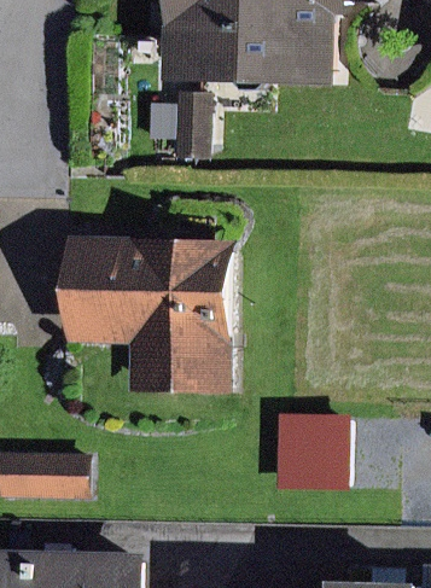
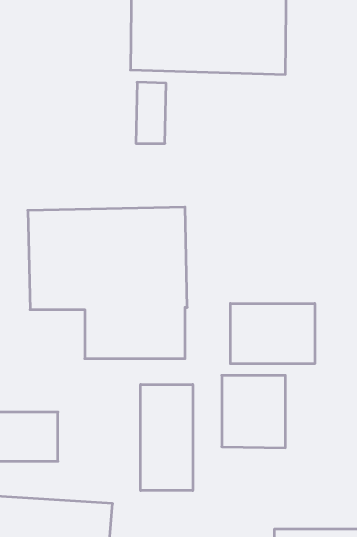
building: none -> [230,303,315,364]
building: none -> [141,384,193,491]

